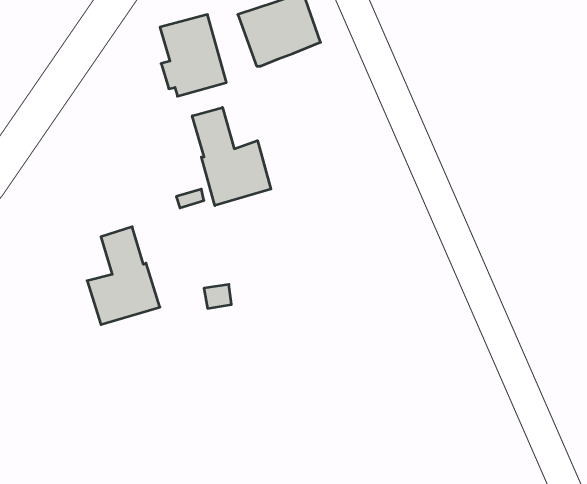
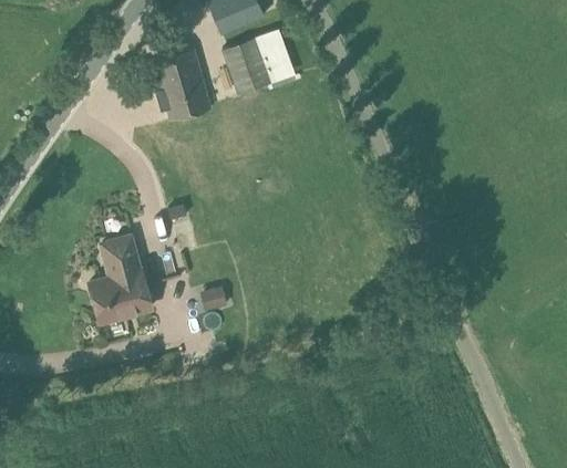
building: [192,107,271,206] -> none

